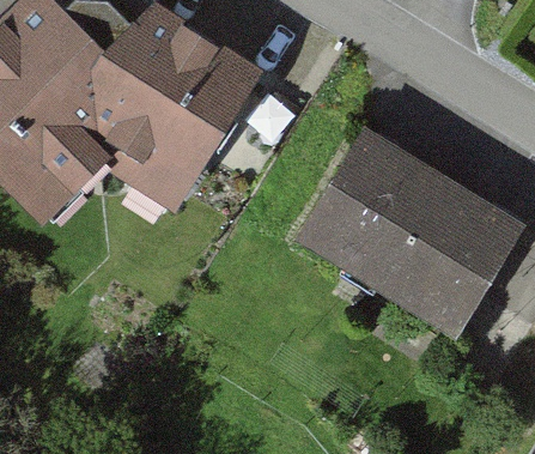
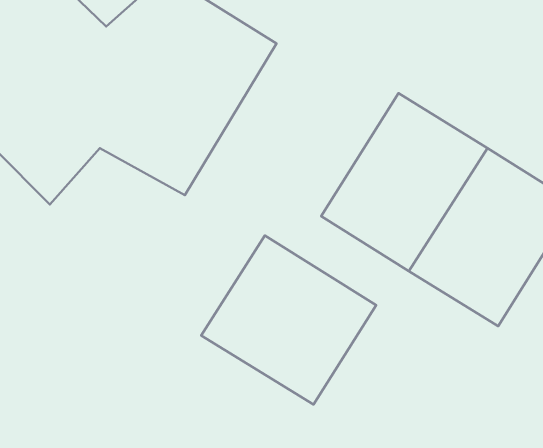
building: none -> [201,235,376,405]

